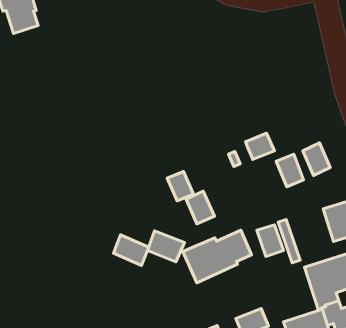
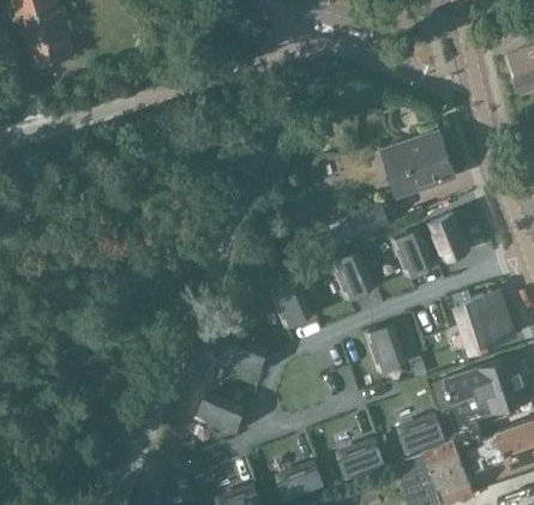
building: none -> [380,133,456,197]
building: none -> [332,253,371,297]
building: [167,171,194,201] -> none
building: [183,230,252,283] -> none
building: [113,235,149,266] -> [197,392,245,434]
building: none -> [400,416,443,452]

